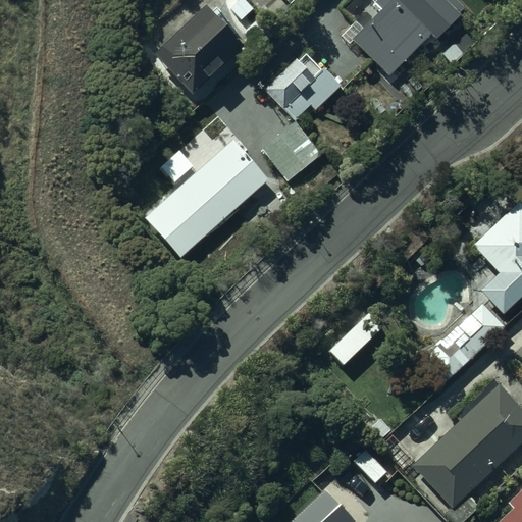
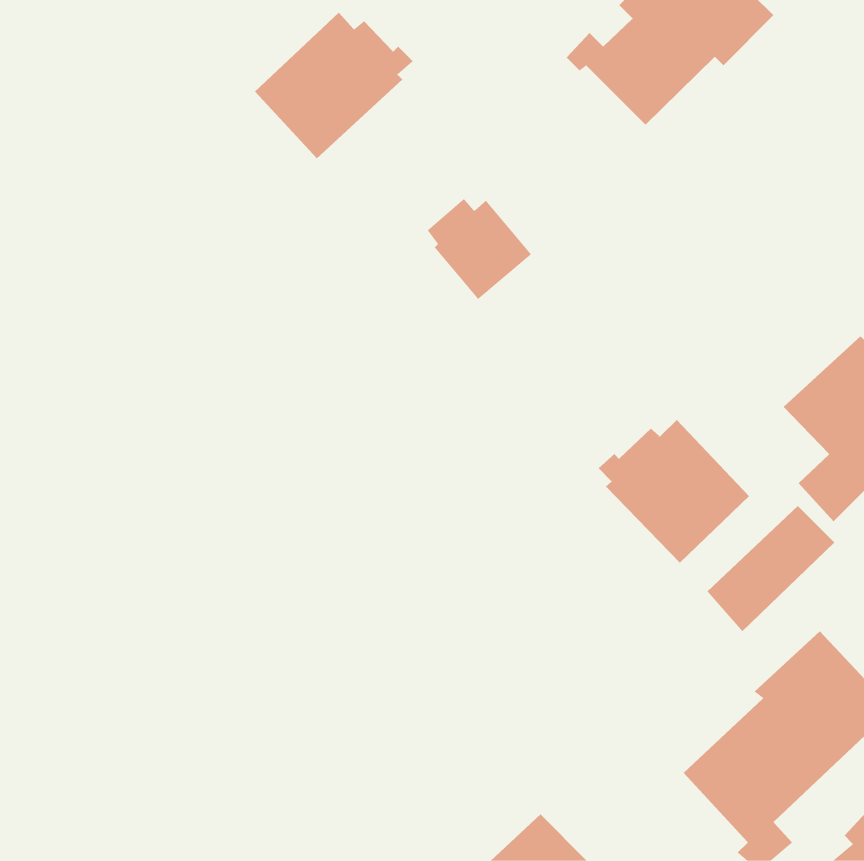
building: [264,54,342,119] -> none
building: [146,140,268,256] -> none
building: none -> [598,419,750,564]

